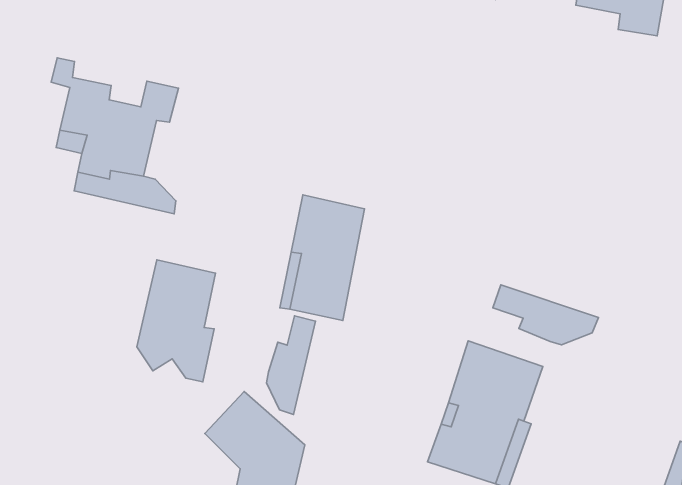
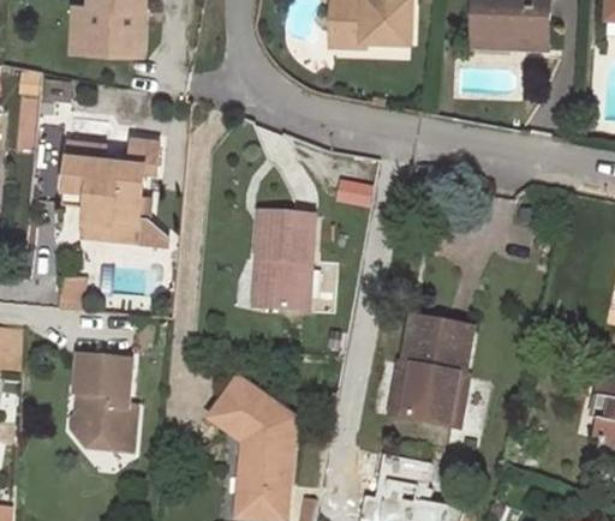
building: [137,260,215,382] -> [70,360,131,455]
building: [493,285,599,345] -> none
building: [266,316,315,414] -> none

